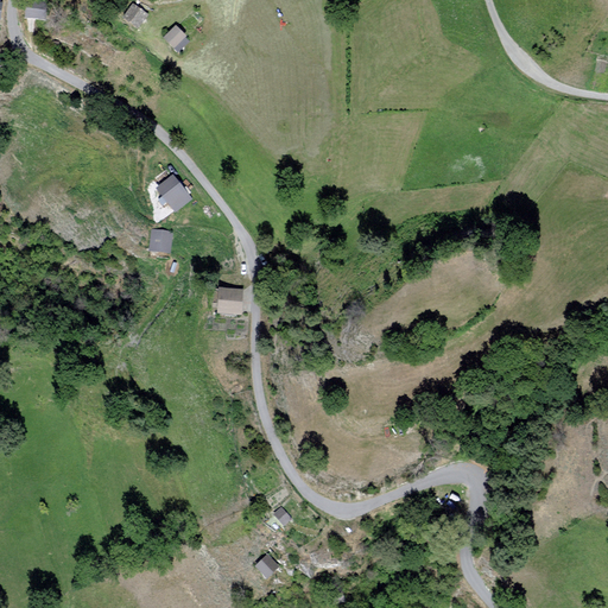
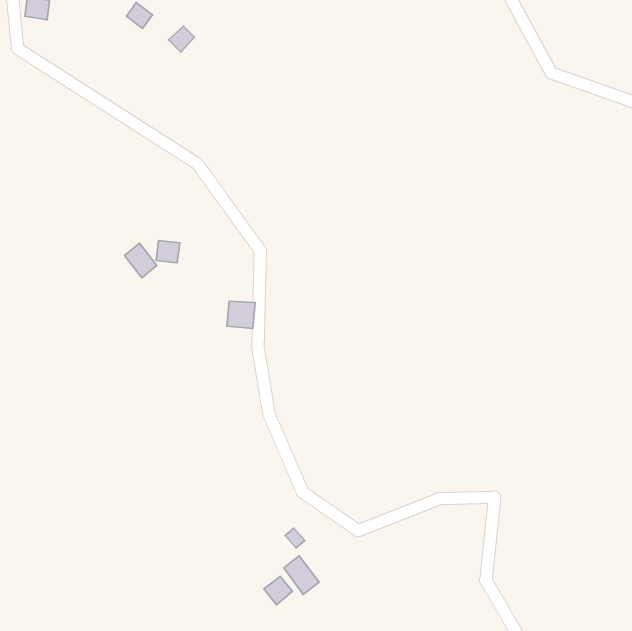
building: [159,177,190,210] -> [125,243,157,278]
building: none -> [284,556,319,595]

